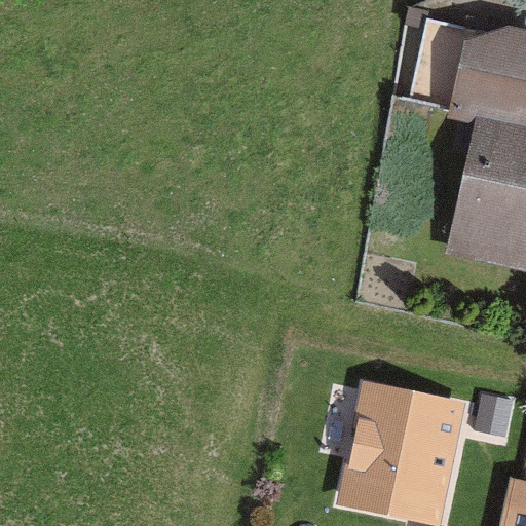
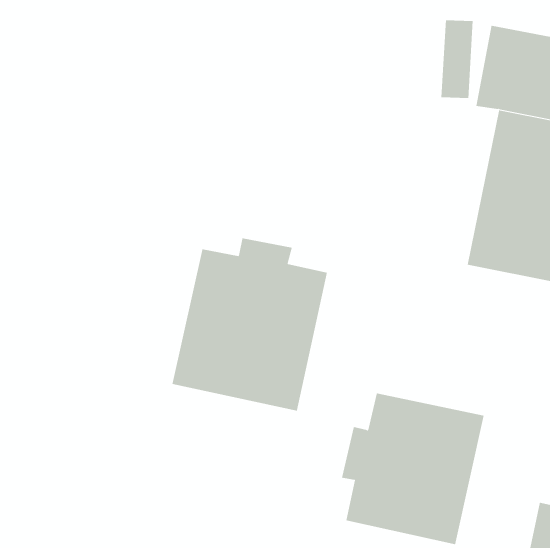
building: none -> [172,237,327,411]

